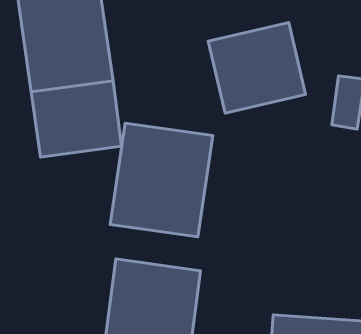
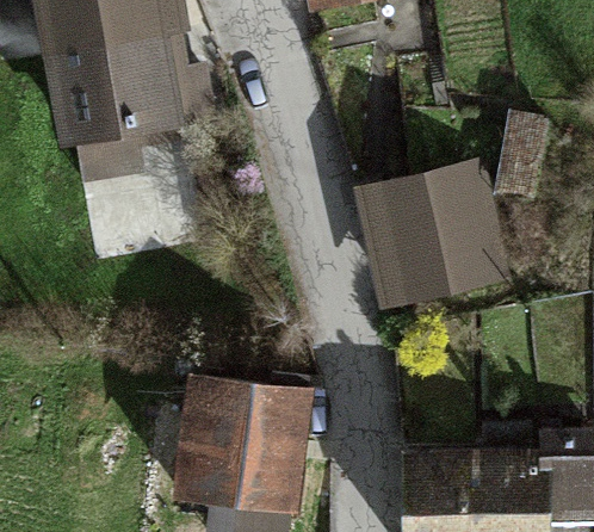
building: [208,22,306,113] -> [357,168,494,296]
building: [110,123,213,237] -> none

